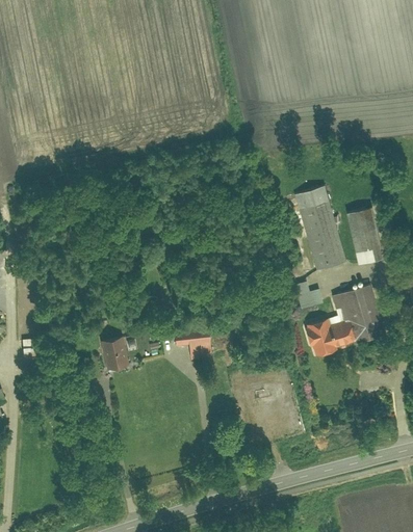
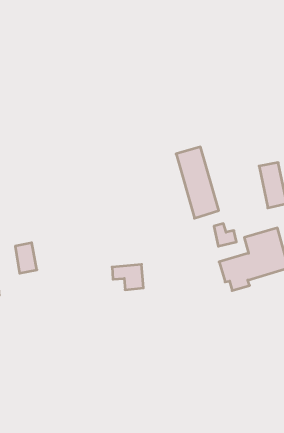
building: [295,186,346,271] -> [176,147,219,218]
building: [98,335,124,371] -> [15,243,37,273]

